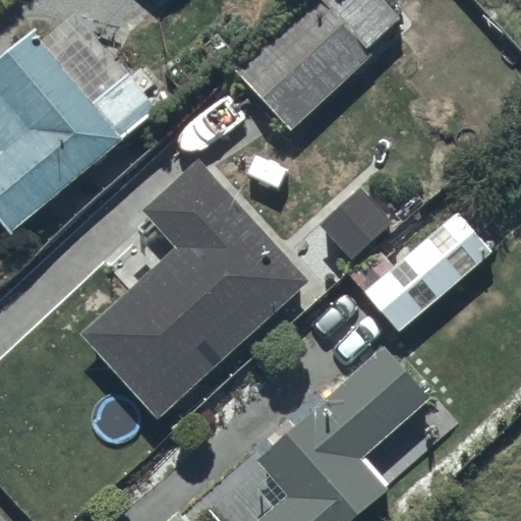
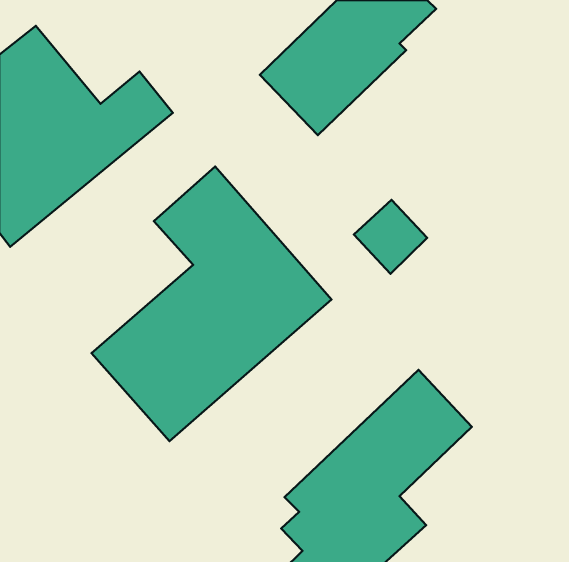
building: [363,212,494,334] -> none

